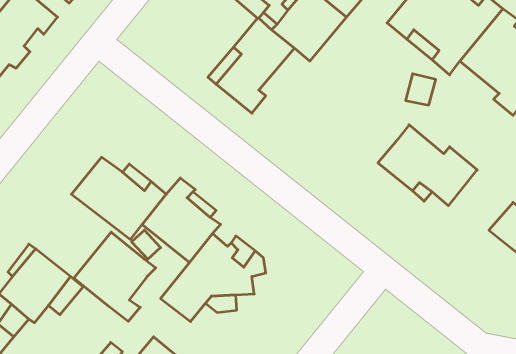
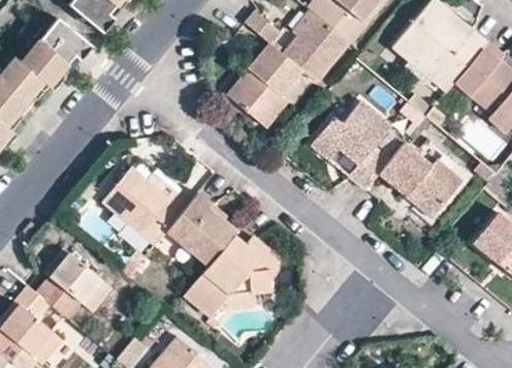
building: none -> [310,98,396,192]
building: [74,232,156,321] -> none

